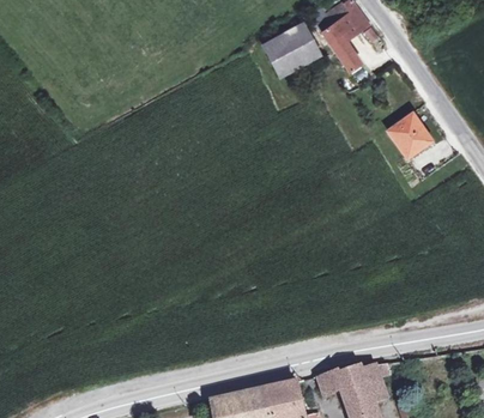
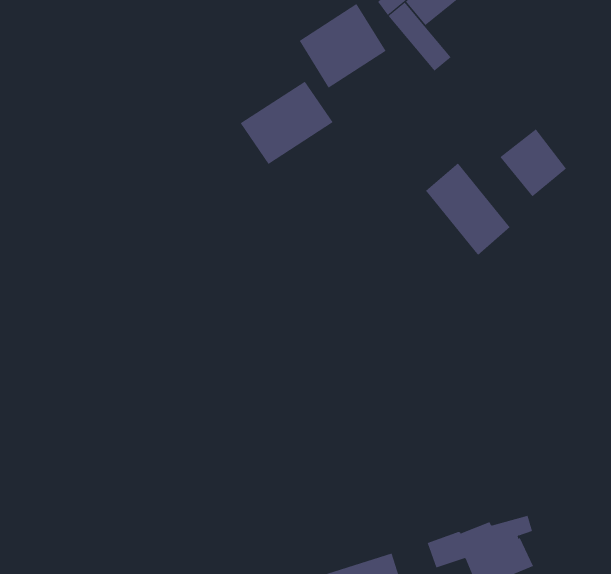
building: none -> [240,81,334,165]
building: none -> [425,162,511,256]

